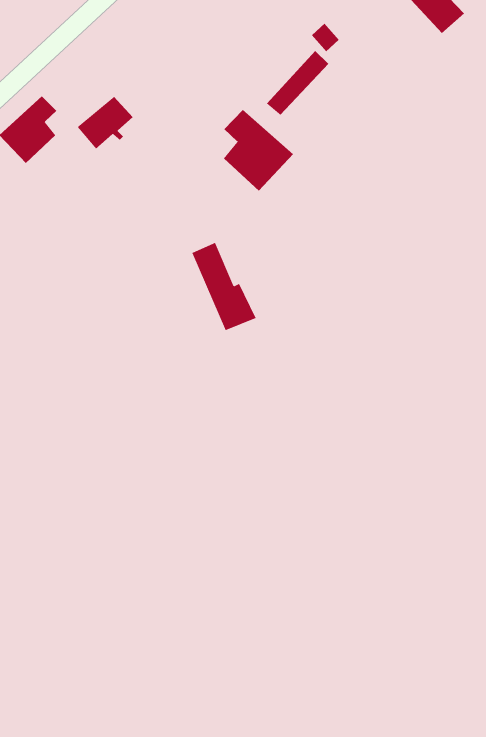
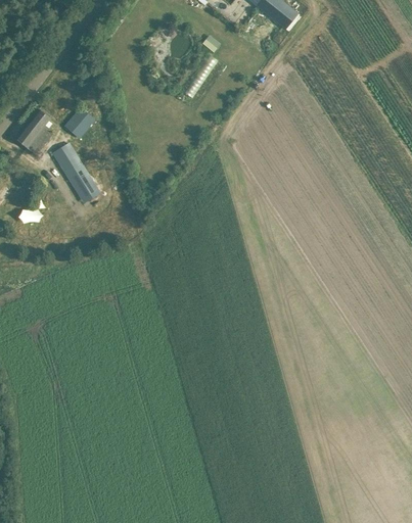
building: [223,109,294,191] -> none
building: [191,242,256,331] -> [52,142,100,197]

